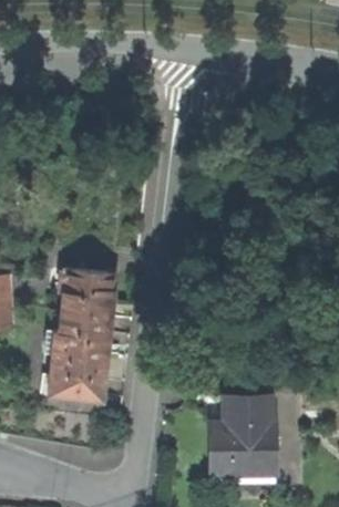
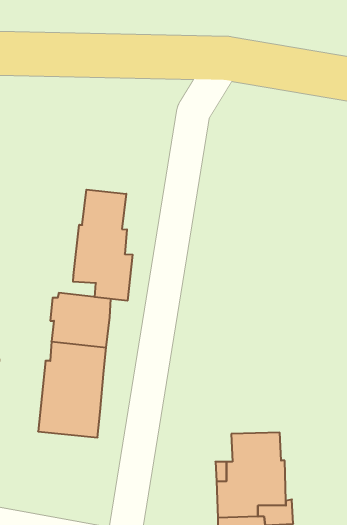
building: none -> [73,190,133,301]

